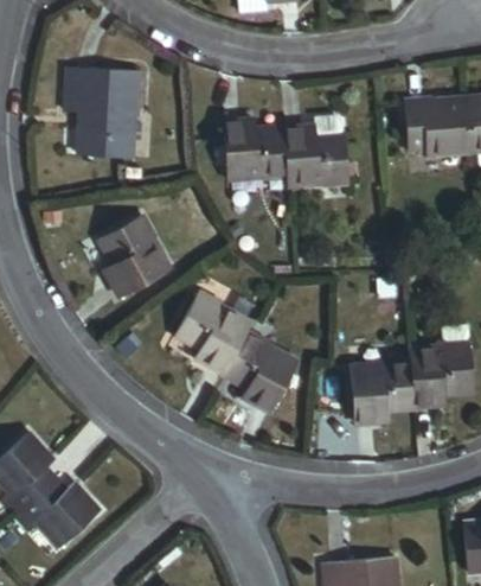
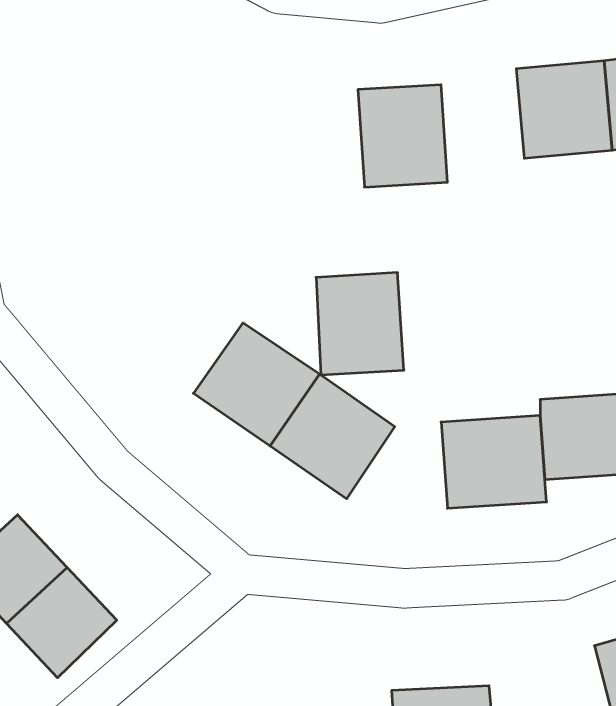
building: [64,64,137,158] -> none
building: [224,115,289,191] -> [316,273,404,375]
building: [103,218,174,298] -> none

